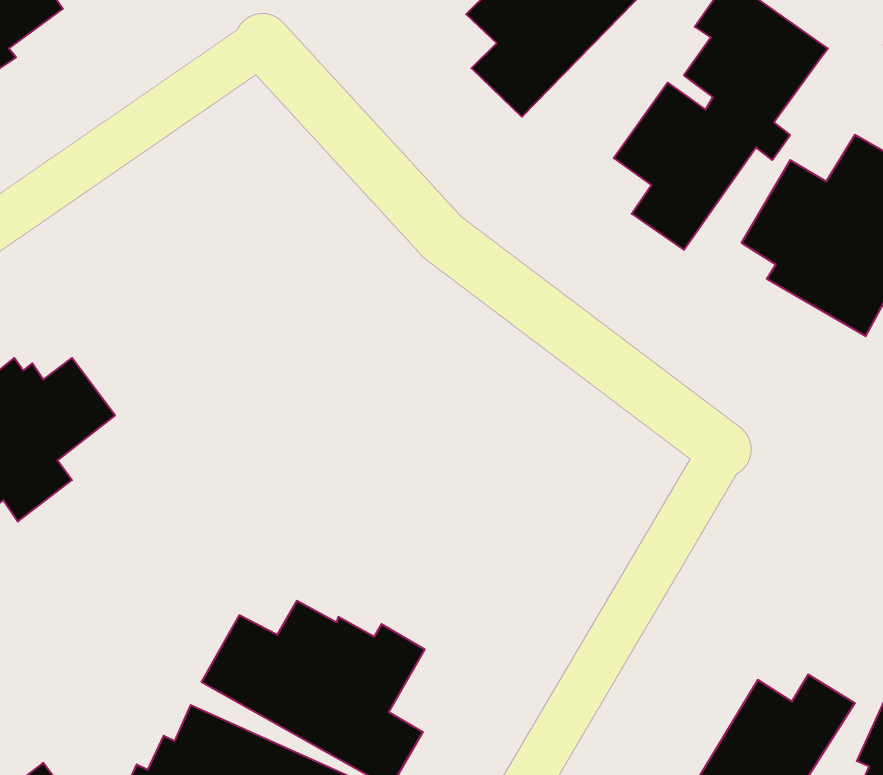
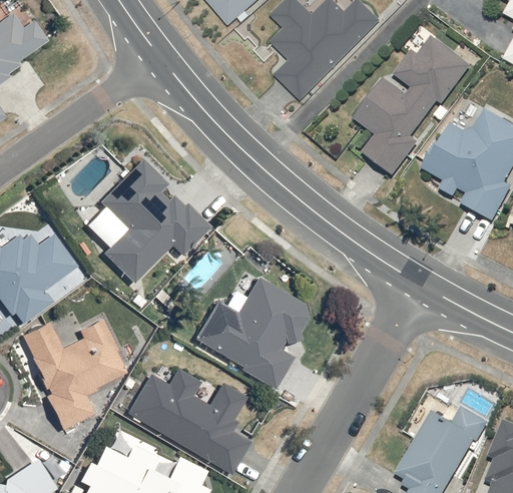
building: none -> [88,155,210,283]
building: none -> [192,279,311,389]
building: none -> [19,318,127,430]

